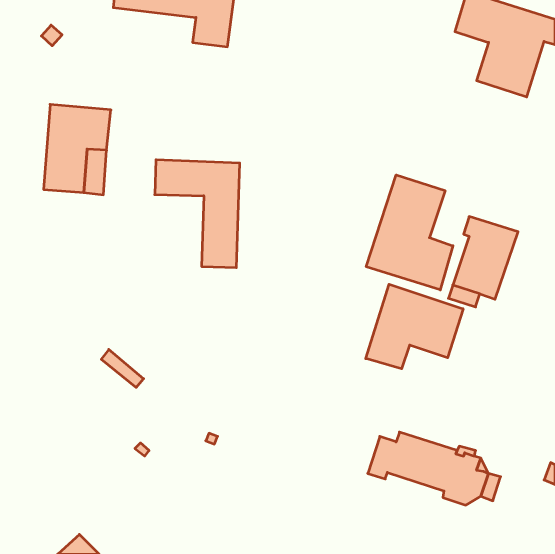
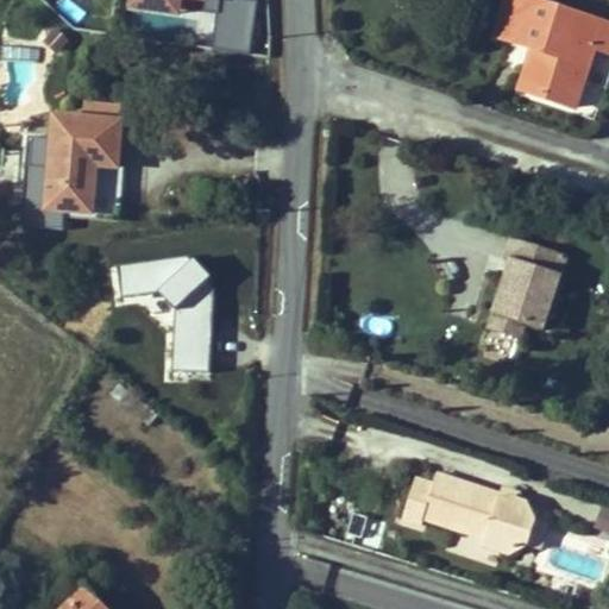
building: [155,160,240,268] -> [118,258,211,376]
building: [366,175,453,290] -> none
building: [366,284,463,369] -> none

